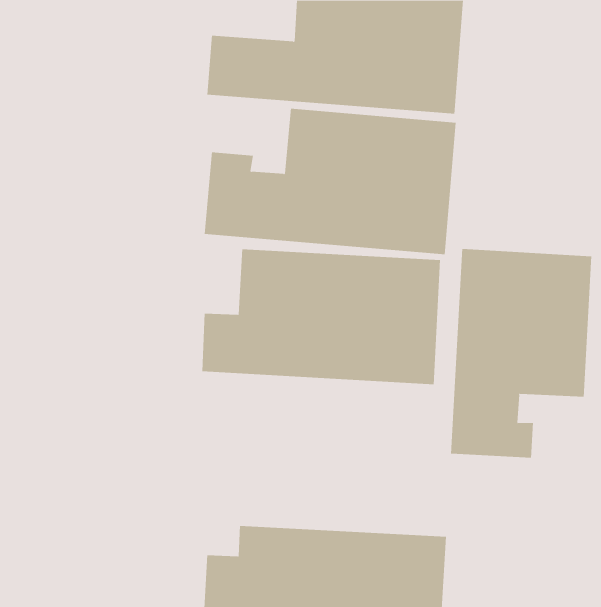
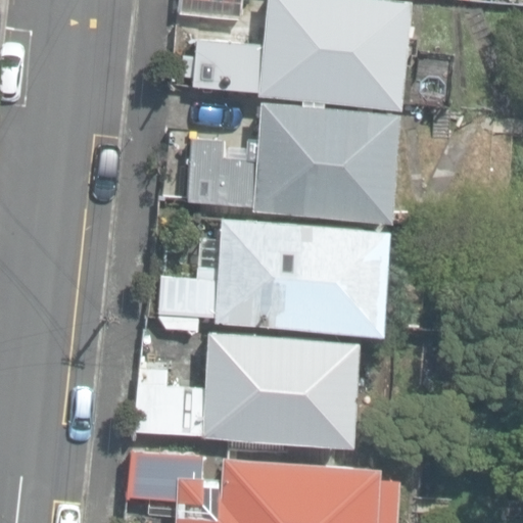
building: [450,248,592,459] -> none
building: none -> [149,331,367,444]

